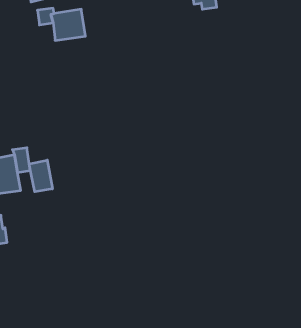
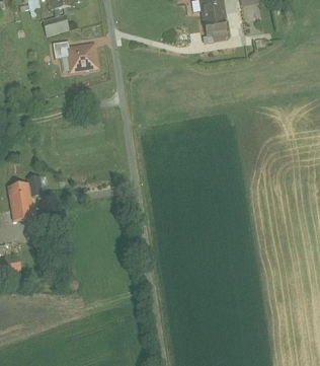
building: [29,160,52,192] -> none

